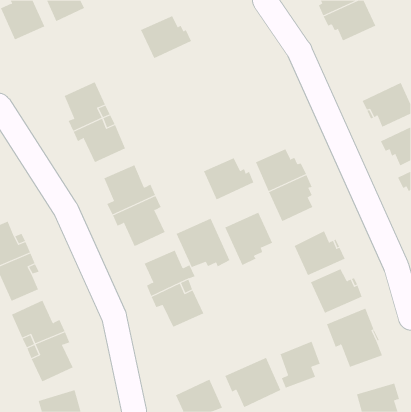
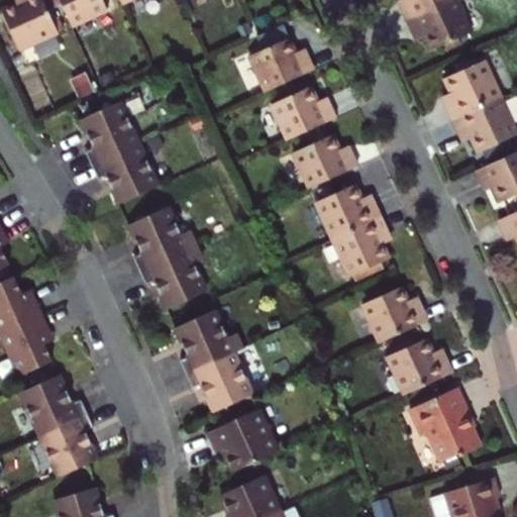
building: [140,15,192,59] -> [246,30,311,85]
building: none -> [443,66,502,126]
building: none -> [271,82,334,134]
building: [203,158,254,200] -> [296,136,359,190]
building: [224,212,273,266] -> none
building: [176,218,230,268] -> none
building: [280,341,321,389] -> none
building: [225,357,281,408] -> [208,408,279,472]

